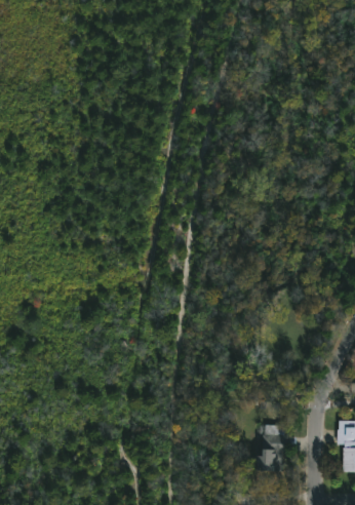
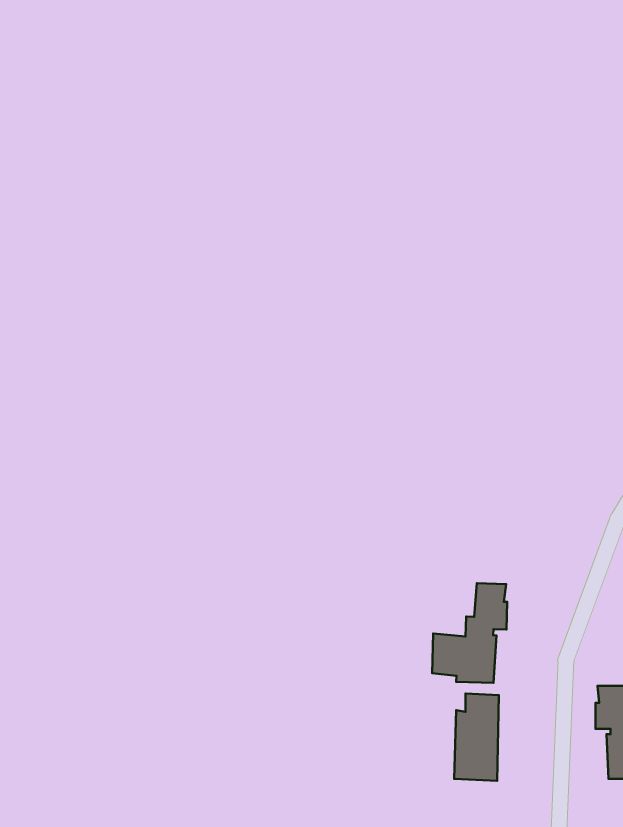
building: none -> [432,583,507,683]

